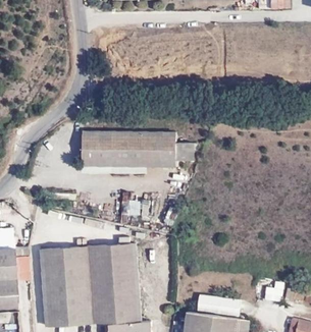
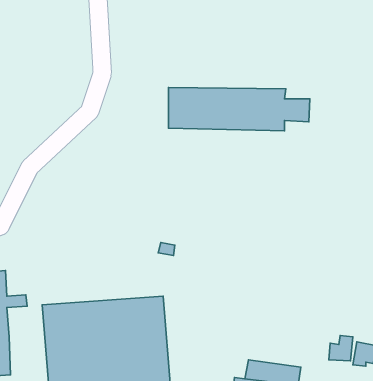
building: [80,129,193,164] -> [169,87,310,131]
building: [6,255,23,279] -> none

